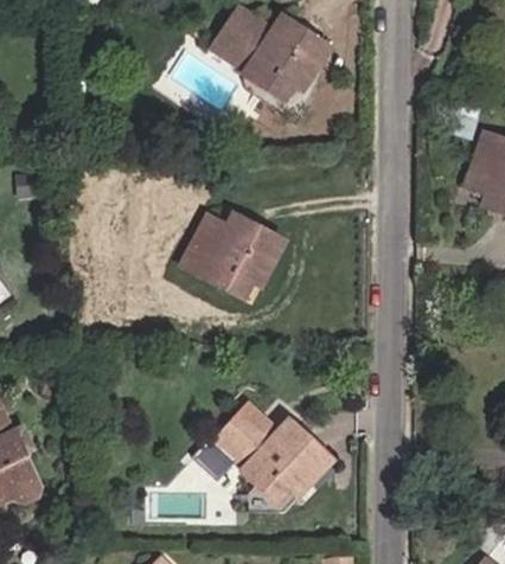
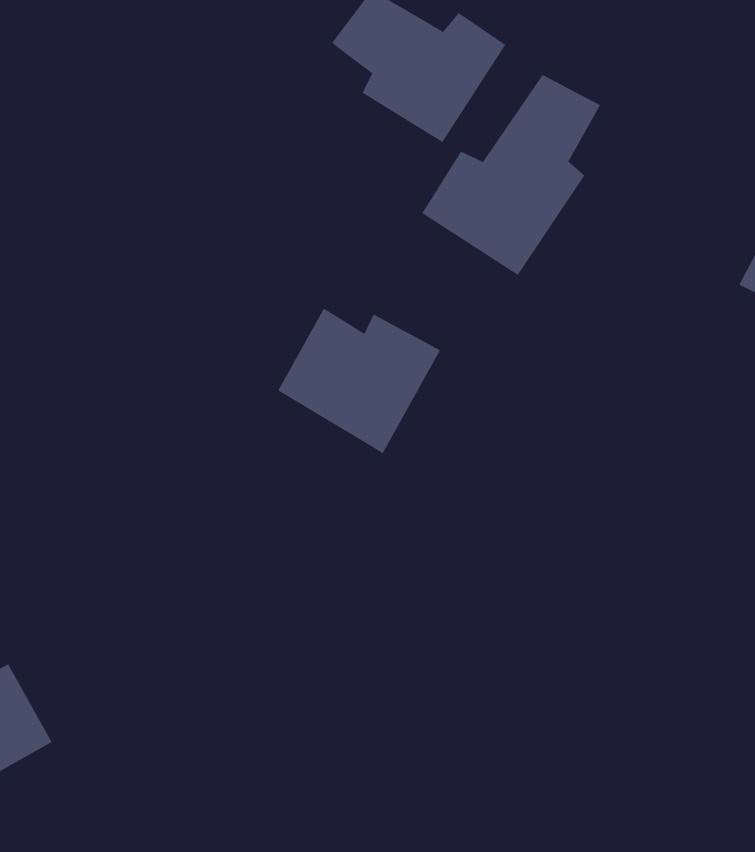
building: none -> [422,74,601,276]
building: [197,410,327,506] -> none

